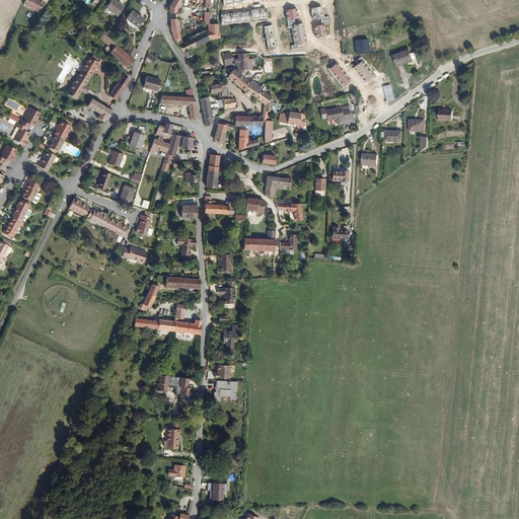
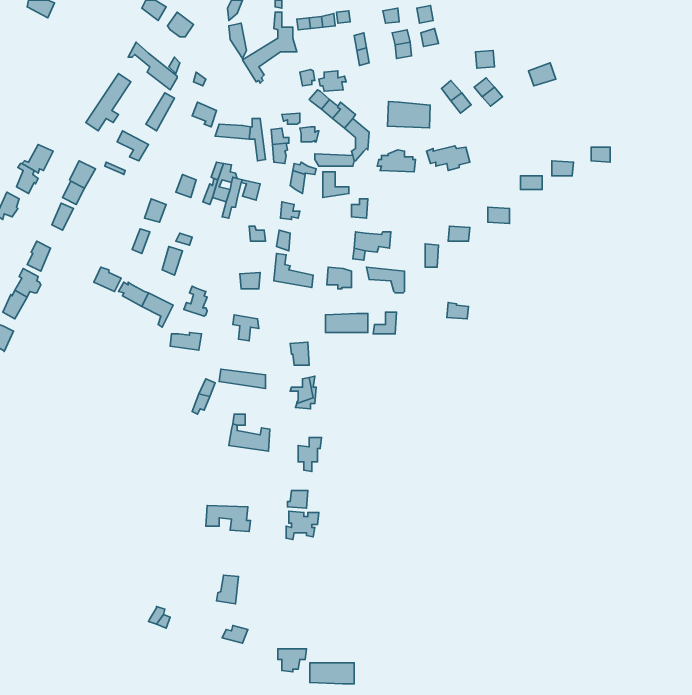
building: none -> [387,102,430,128]
building: [135,317,172,332] -> none
building: none -> [310,663,354,684]

